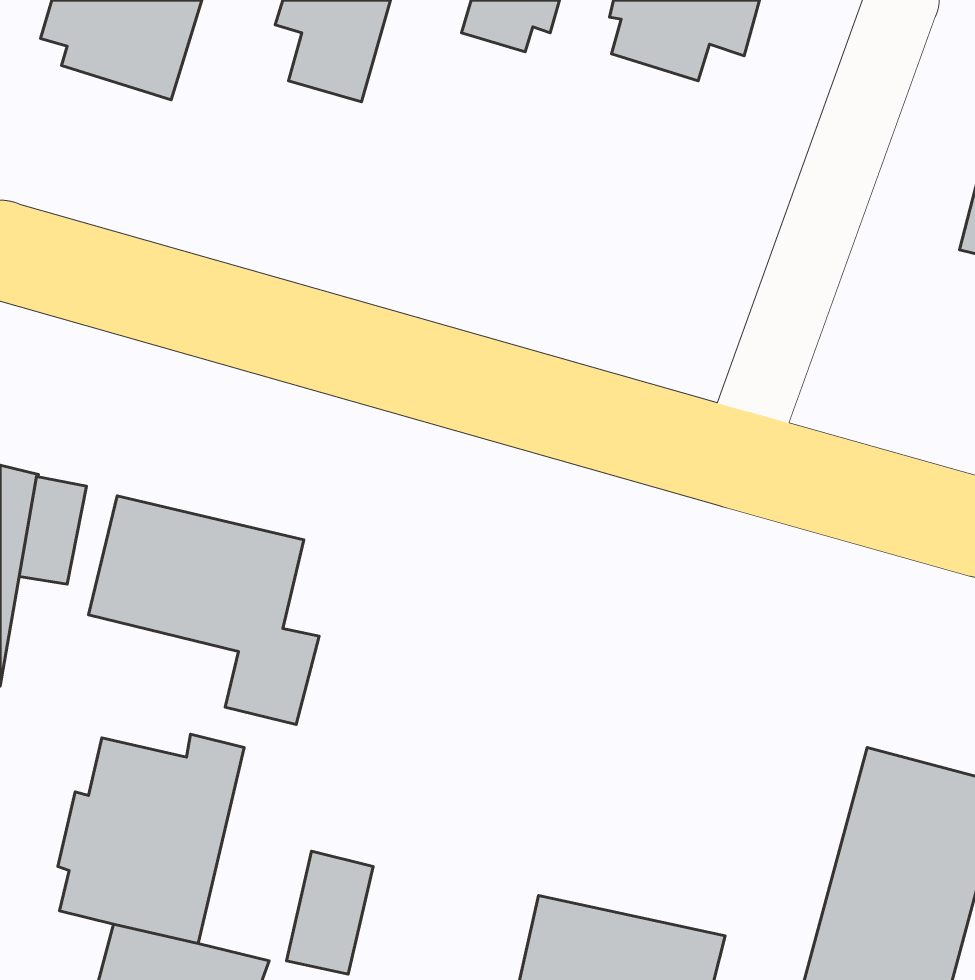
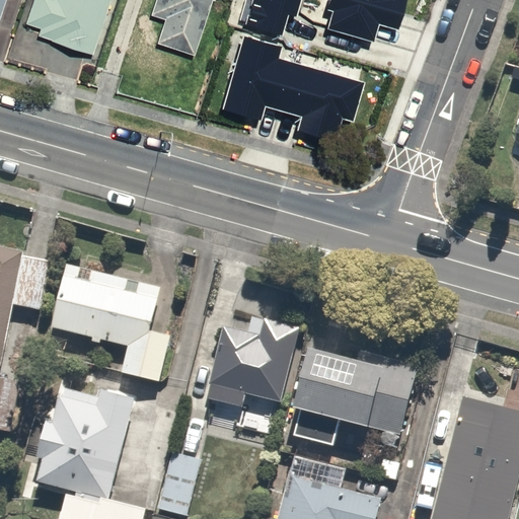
building: none -> [222,34,363,142]
building: none -> [205,320,297,406]
building: none -> [286,345,420,446]

